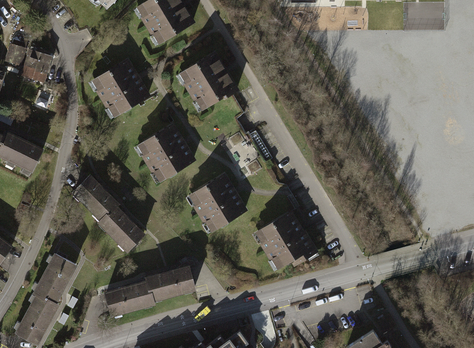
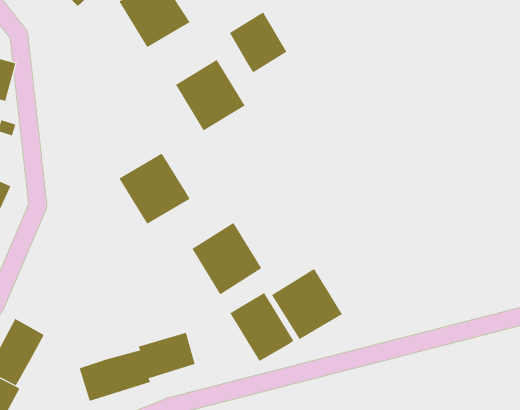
building: none -> [229,12,287,73]
building: [95,63,150,119] -> none
building: [72,177,143,254] -> none
building: none -> [229,292,294,362]

